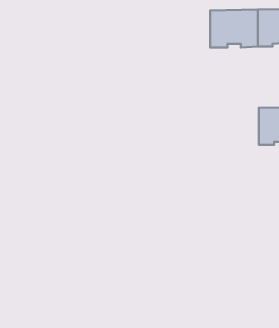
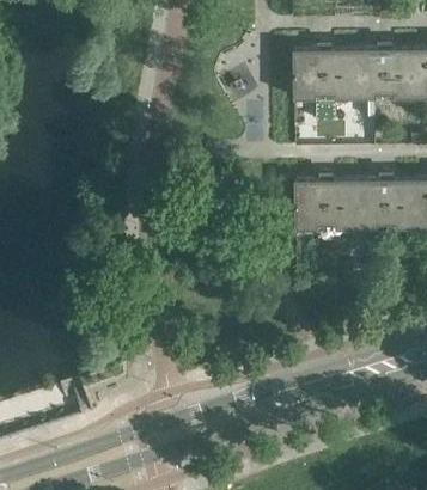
building: none -> [295,179,359,229]

